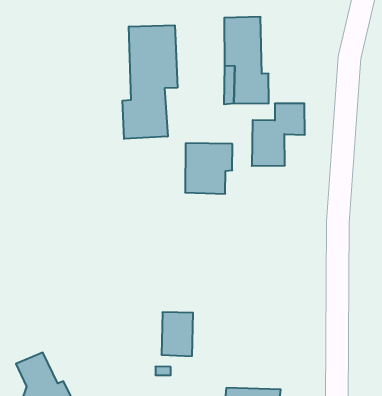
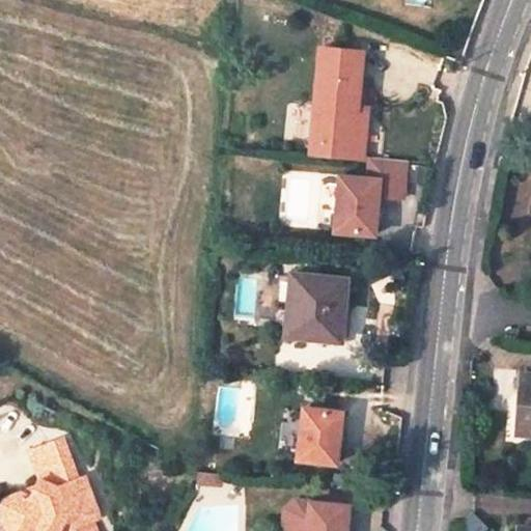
building: [123,25,177,139] -> none
building: [185,143,232,194] -> [283,272,346,338]
building: [161,312,193,356] -> [296,403,339,460]

